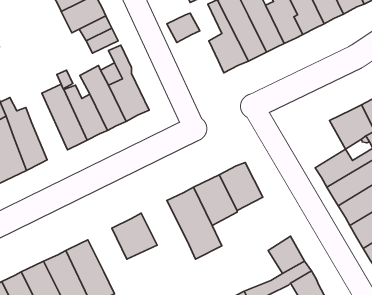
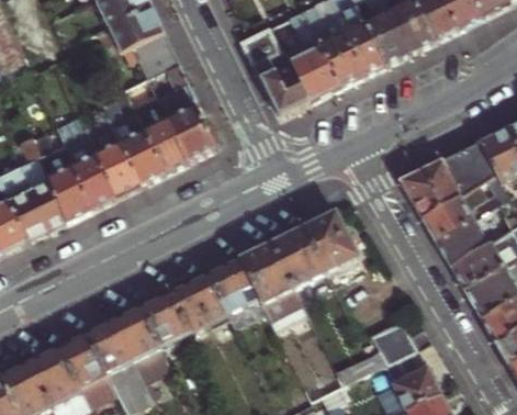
building: none -> [251,53,310,116]
building: none -> [57,114,116,208]
building: none -> [400,159,460,217]
building: none -> [207,258,265,325]
building: none -> [142,292,191,346]

